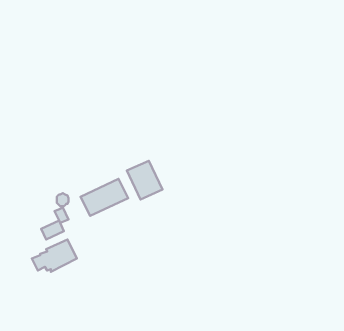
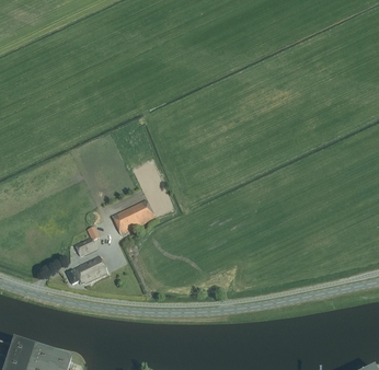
building: [127,161,162,199] -> none

